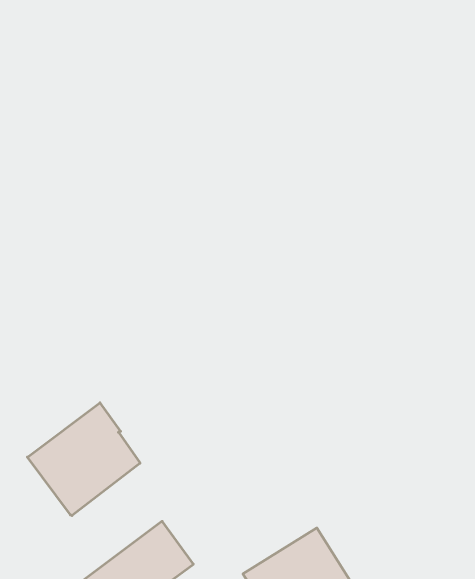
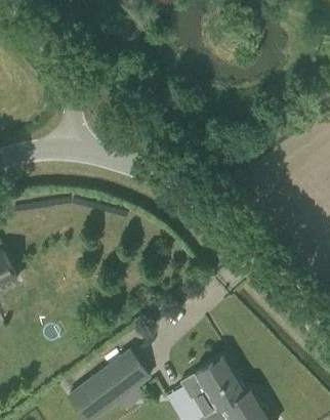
building: [27,403,140,516] -> none

